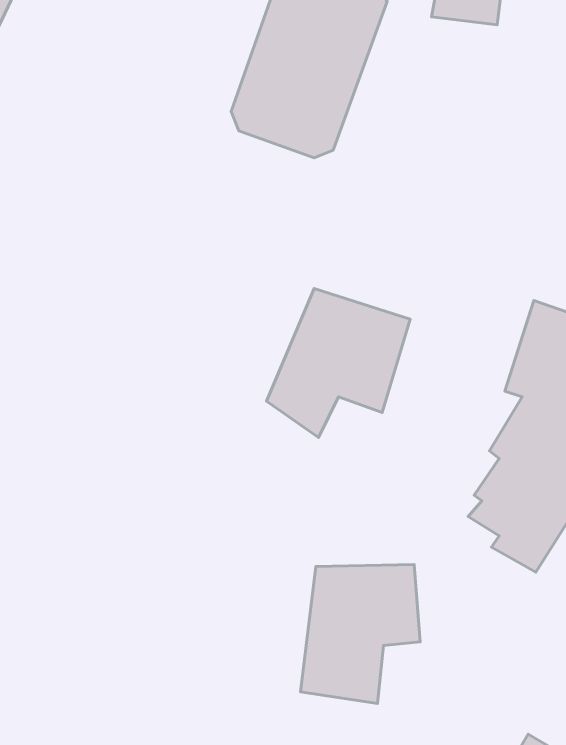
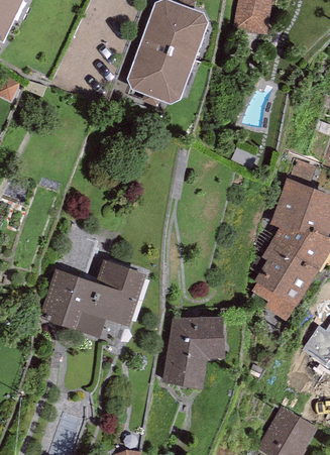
building: [266,288,410,438] -> none
building: none -> [40,259,145,336]

